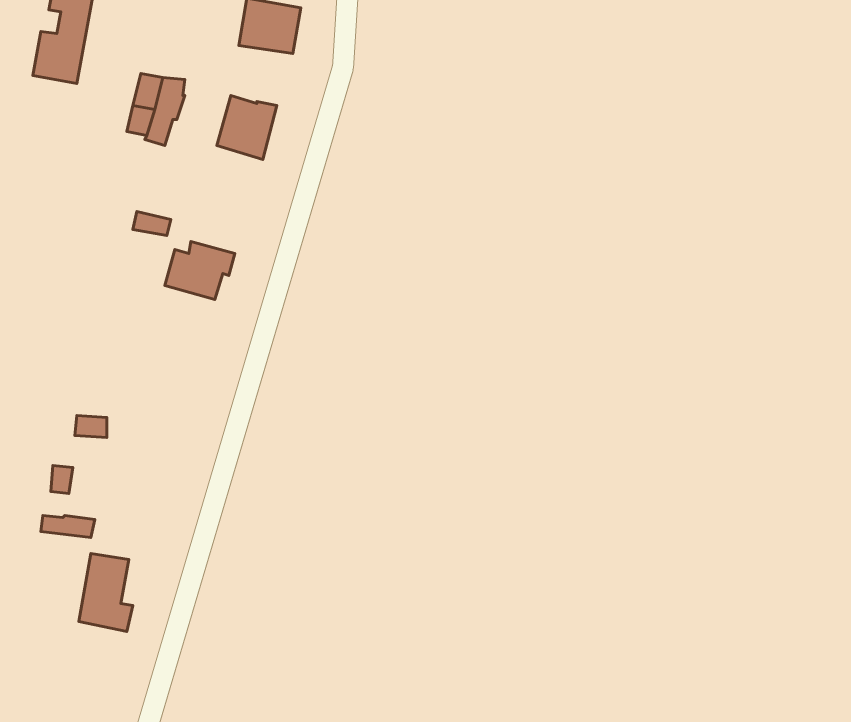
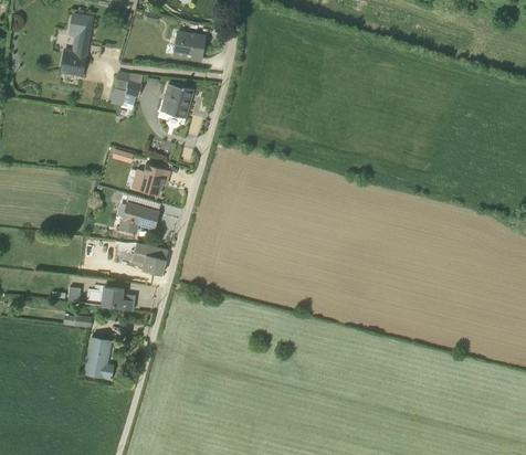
building: none -> [119,197,160,233]
building: none -> [107,241,168,275]
building: none -> [101,287,136,310]

